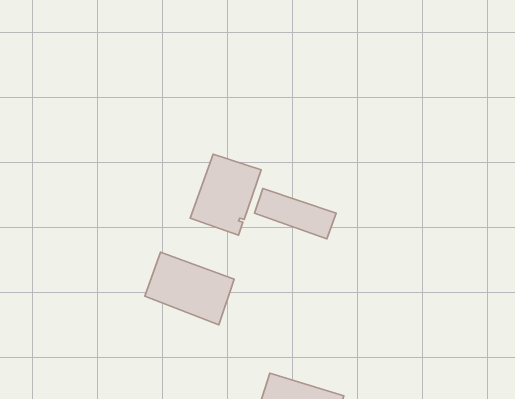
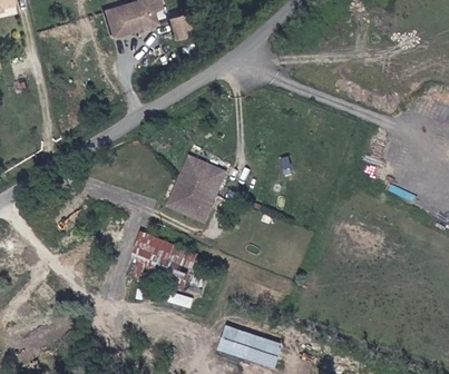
building: [255,189,336,239] -> none

